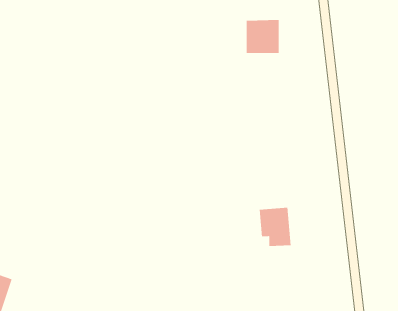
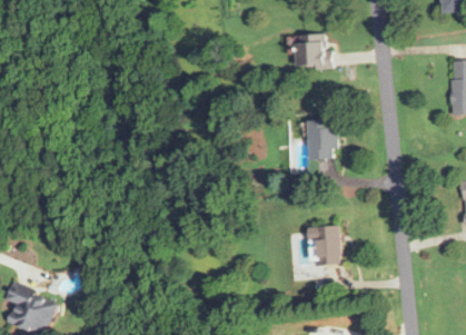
building: none -> [308,119,337,160]

